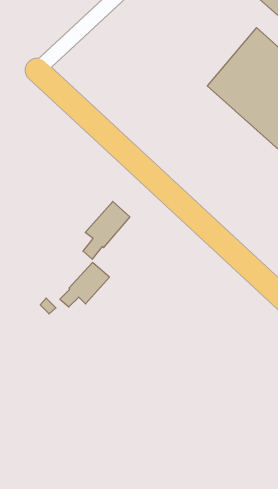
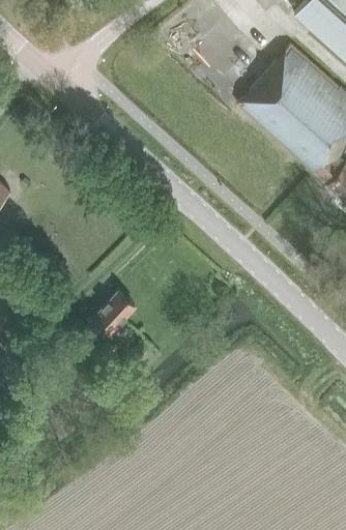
building: [83,201,130,259] -> none

